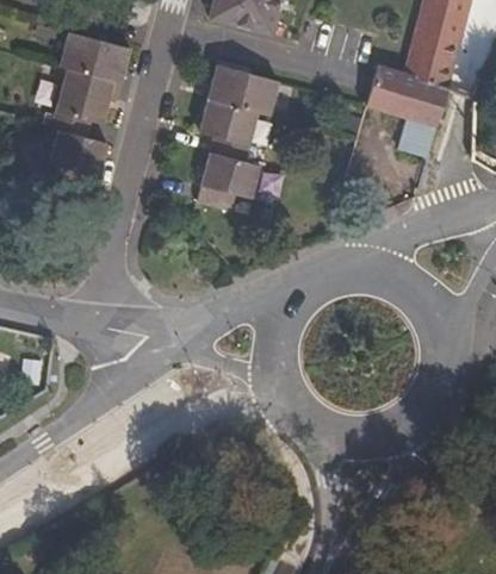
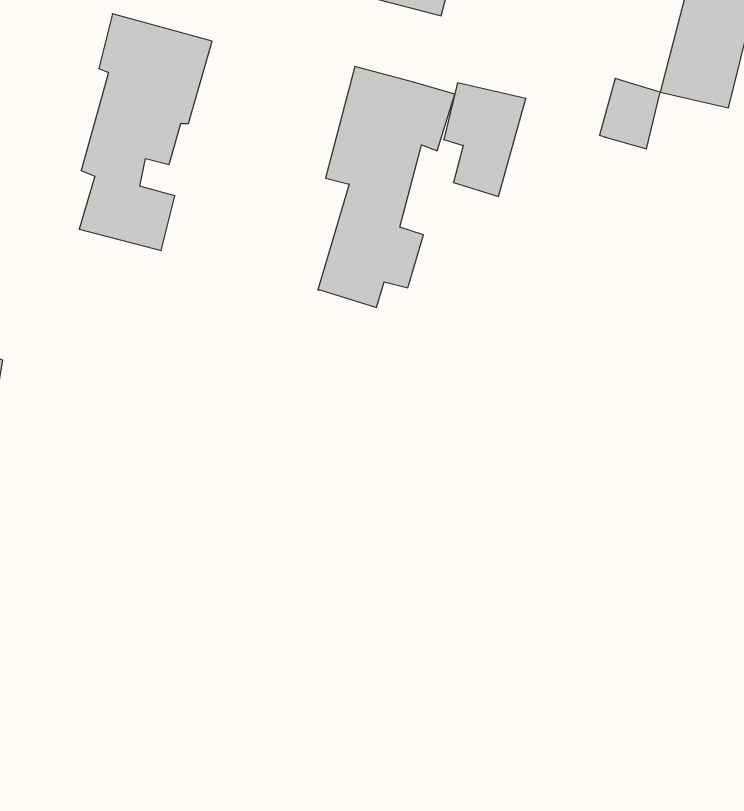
building: [396,80,446,149] -> [444,83,526,196]

